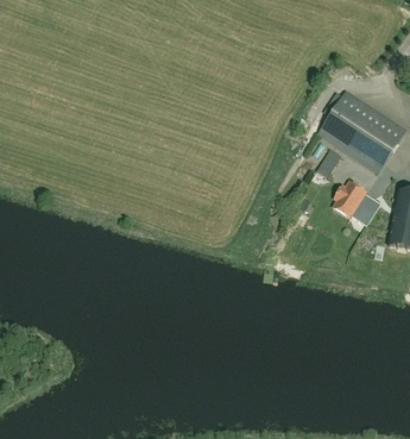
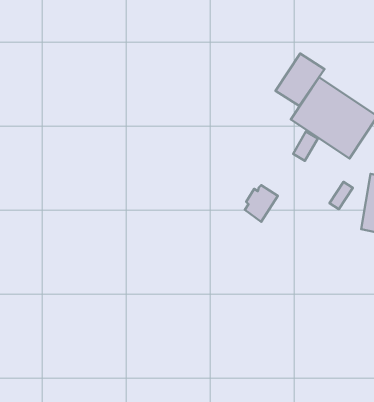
building: none -> [275,53,325,106]
building: [332,181,365,218] -> [245,185,278,222]

